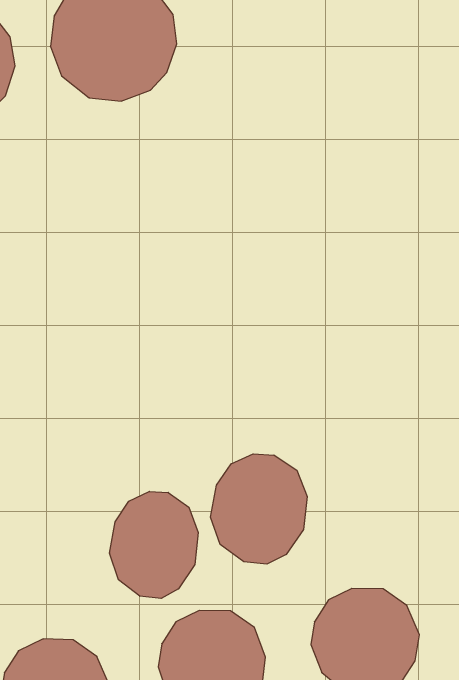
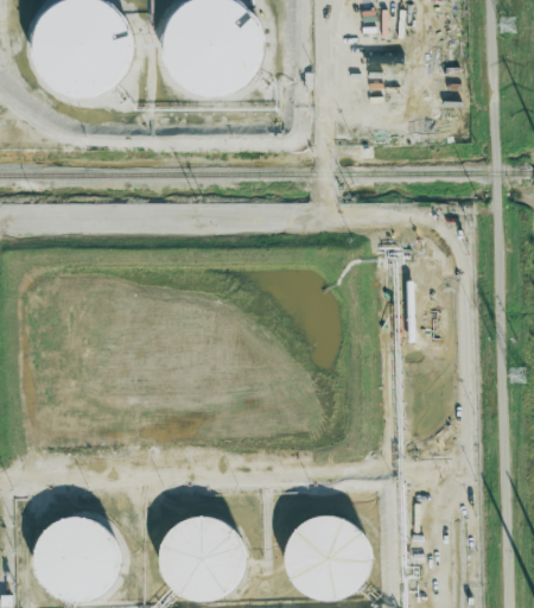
building: [210,454,307,564] -> none
building: [110,491,198,598] -> none

